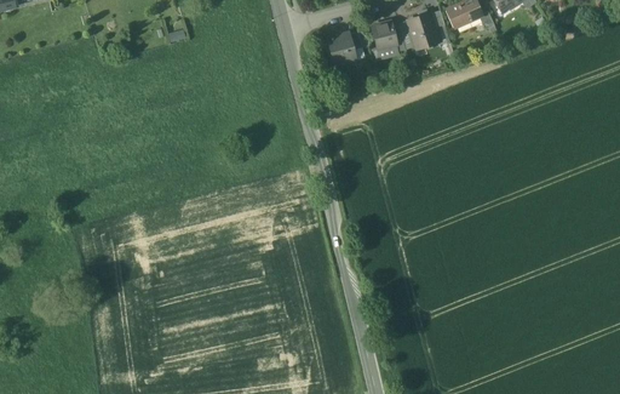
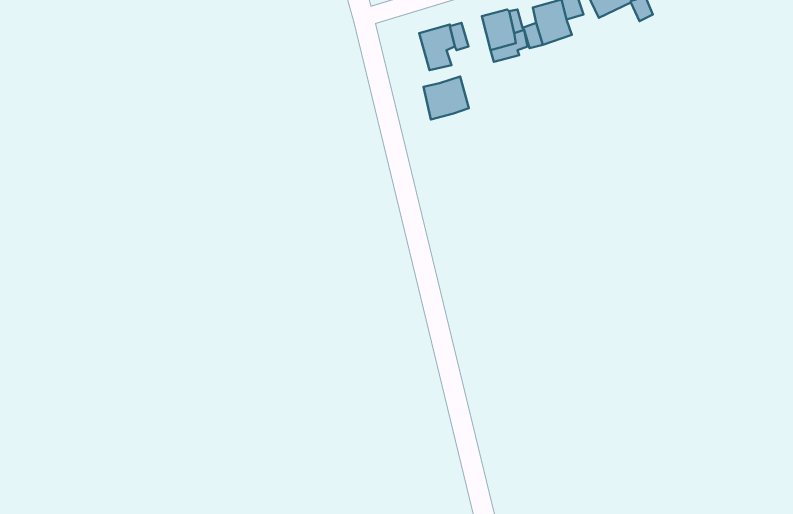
building: none -> [424,77,469,119]

